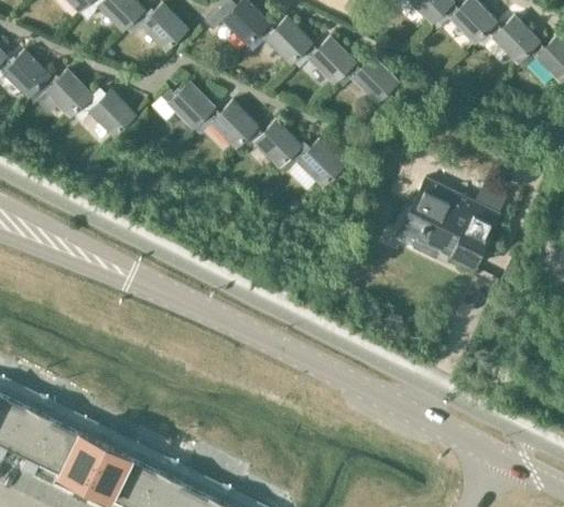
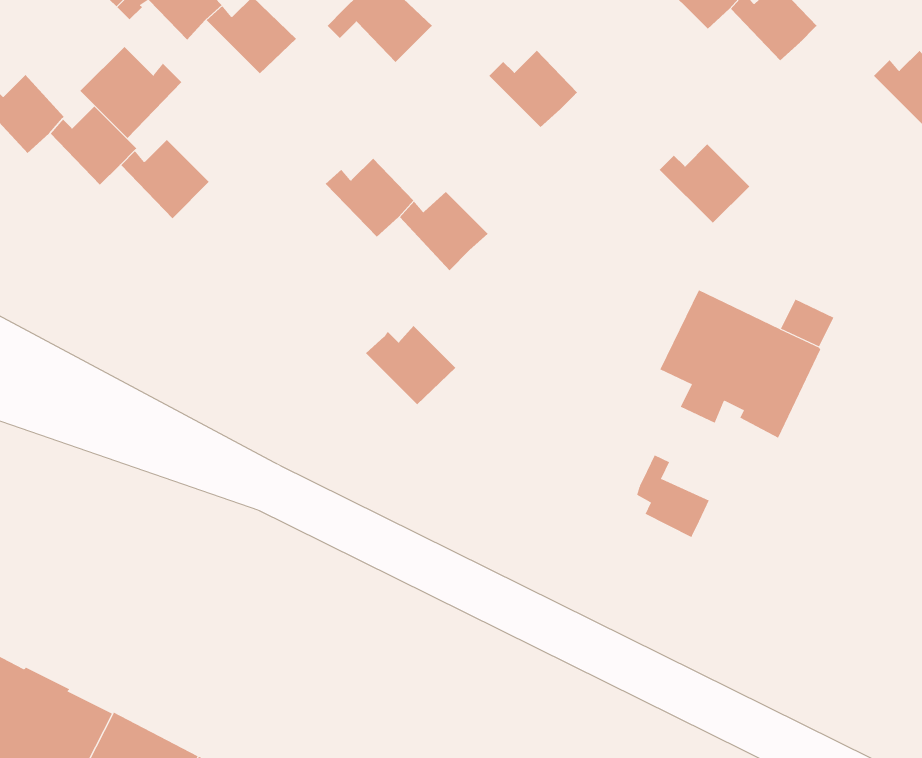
building: [487,17,540,63] -> none
building: [259,18,312,63] -> none
building: none -> [80,46,182,139]
building: [345,56,399,104] -> [659,144,750,224]
building: [162,80,215,128] -> none
building: [291,139,345,186] -> [365,325,456,405]
building: none -> [636,454,710,538]

